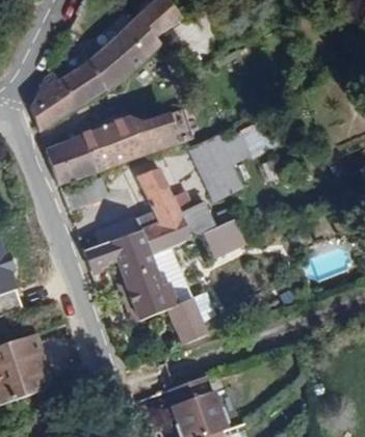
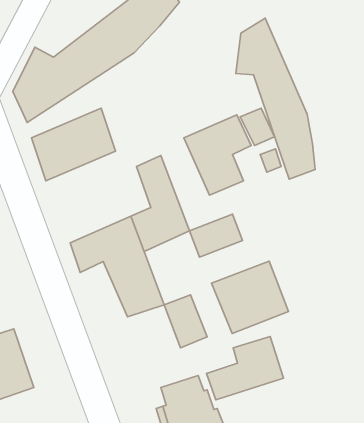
building: none -> [236,18,315,179]
building: [111,105,190,161] -> none
building: none -> [211,261,289,333]
building: none -> [206,337,284,400]

